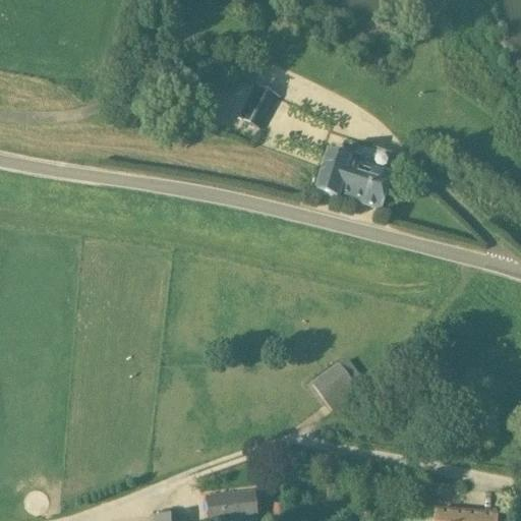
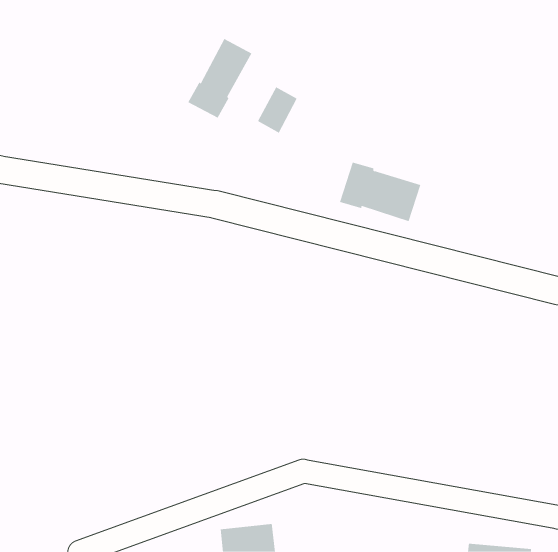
building: none -> [187,38,252,118]
building: [314,363,359,407] -> none

